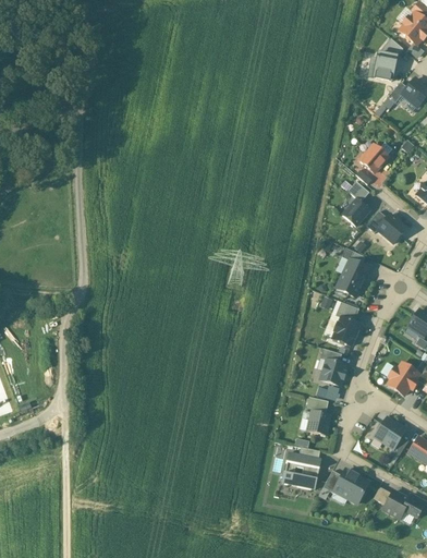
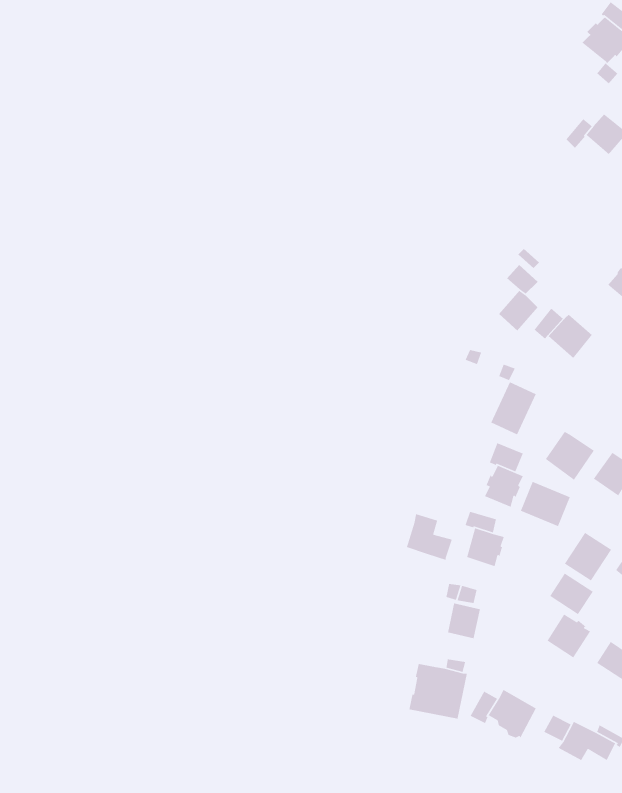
building: [374,53,395,82] -> none
building: [358,144,388,173] -> none
building: none -> [545,431,595,481]
building: none -> [520,481,571,527]
building: none -> [406,513,453,561]
building: none -> [549,572,594,615]

